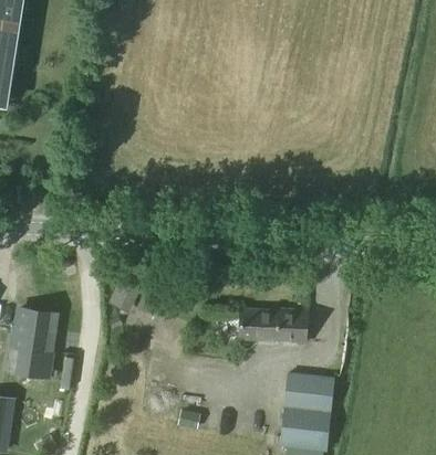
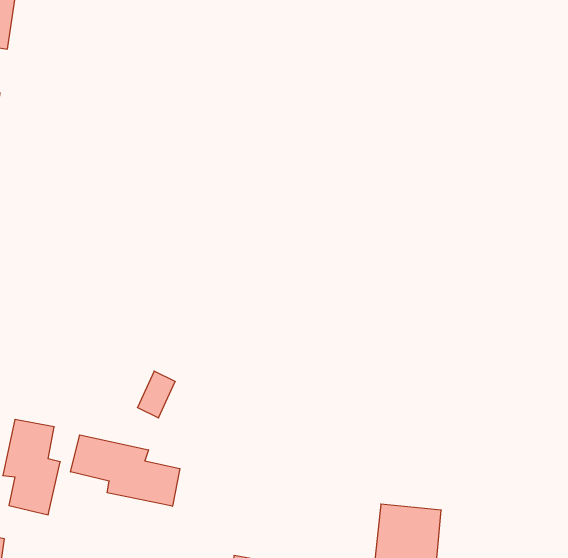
building: [240,310,307,343] -> none
building: none -> [71,435,180,506]

